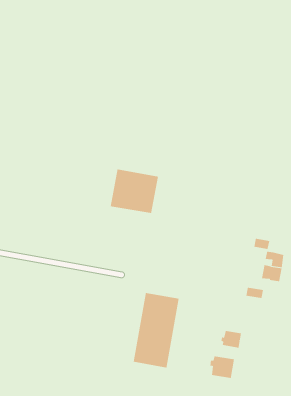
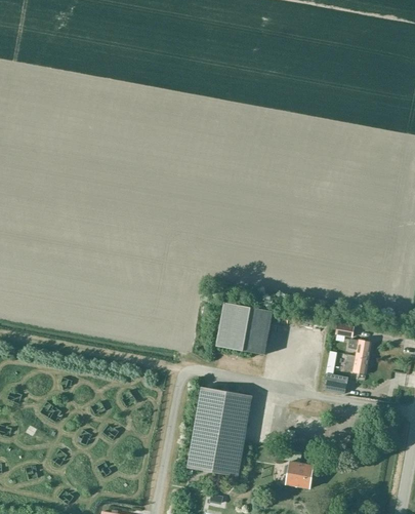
building: [110,169,159,214] -> [215,302,273,354]
building: [221,330,241,349] -> none

